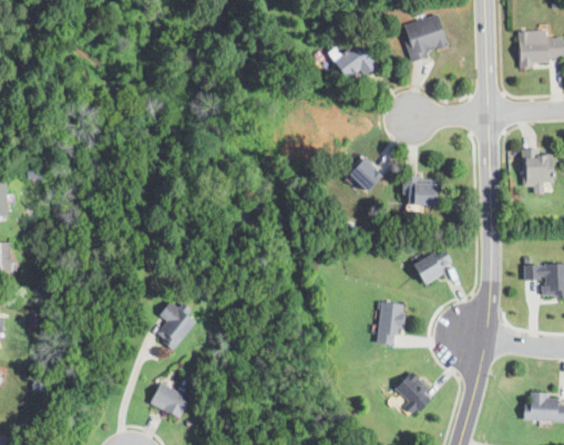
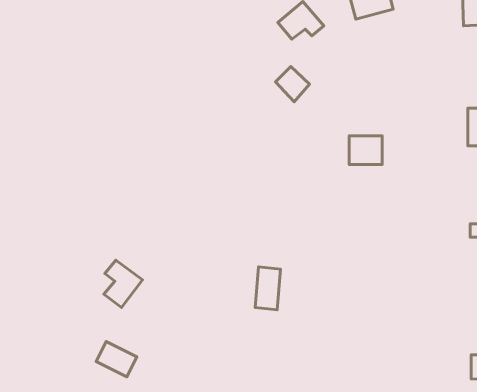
building: [350,157,384,193] -> [275,67,310,102]
building: [411,246,453,286] -> none
building: [377,302,402,345] -> [255,267,280,310]
building: [394,371,435,412] -> none

